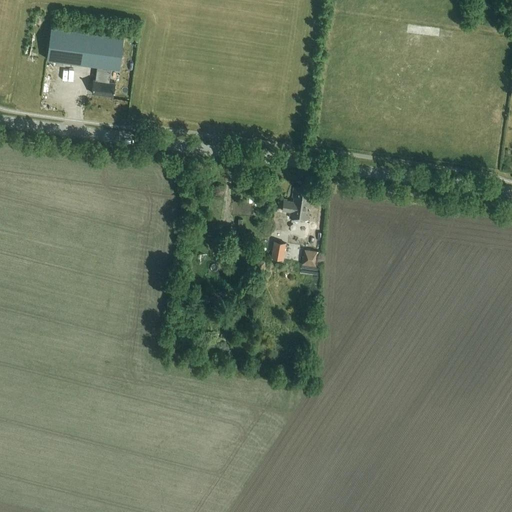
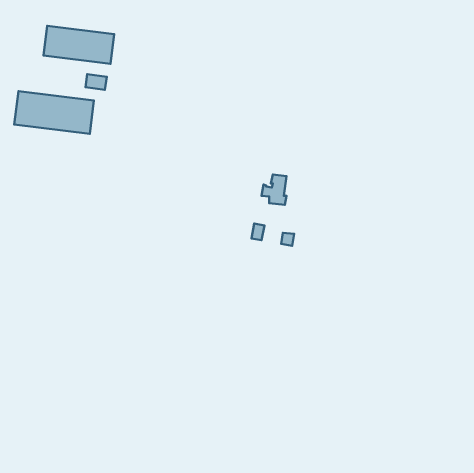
building: none -> [14,91,94,134]

